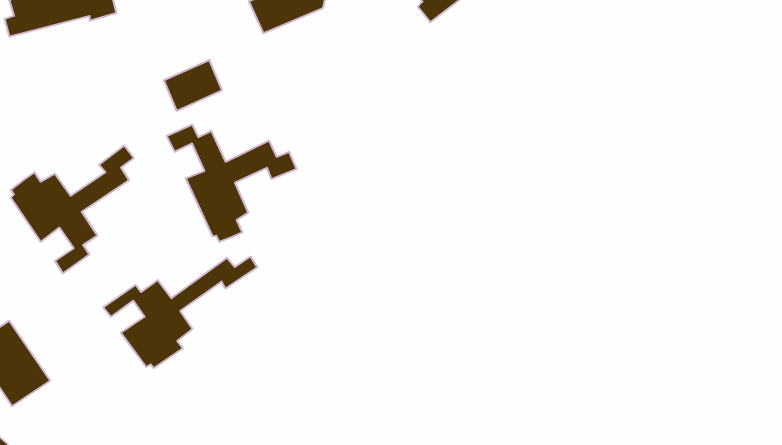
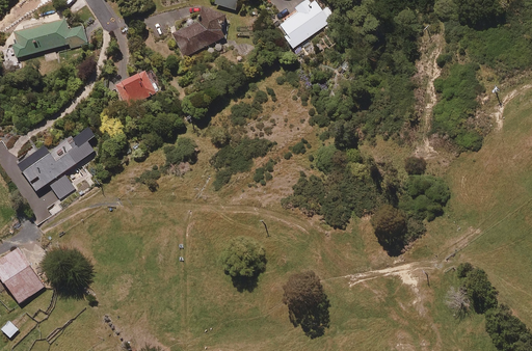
building: [167,125,296,242] -> none
building: [103,257,257,368] -> none

